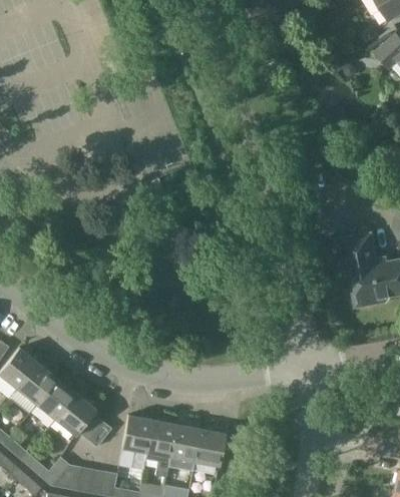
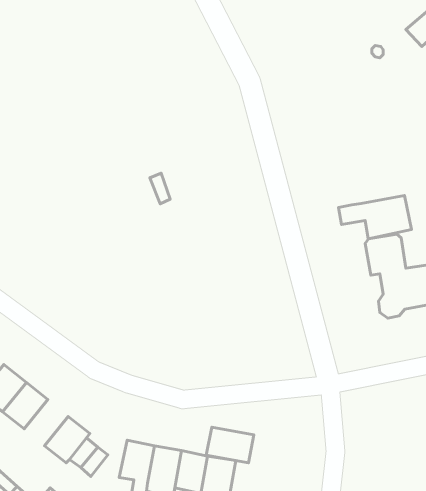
building: none -> [339,195,412,239]
building: [37,379,76,420] -> none
building: none -> [206,427,254,463]

